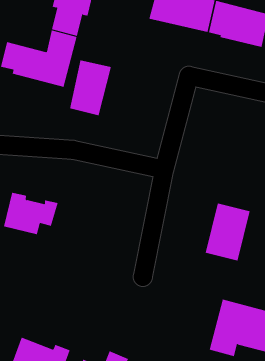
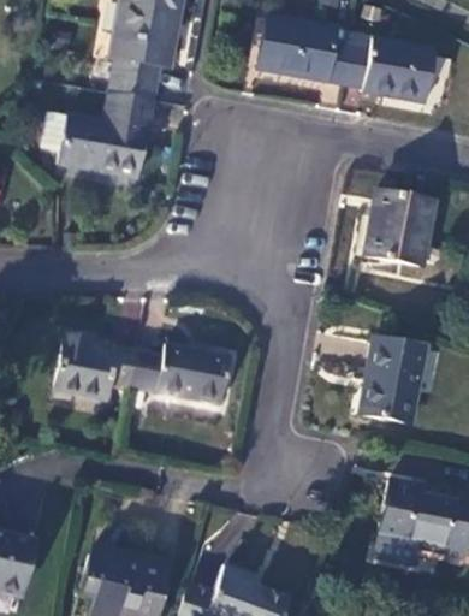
building: [69,60,111,116] -> none
building: none -> [364,191,433,267]
building: none -> [129,345,231,404]

